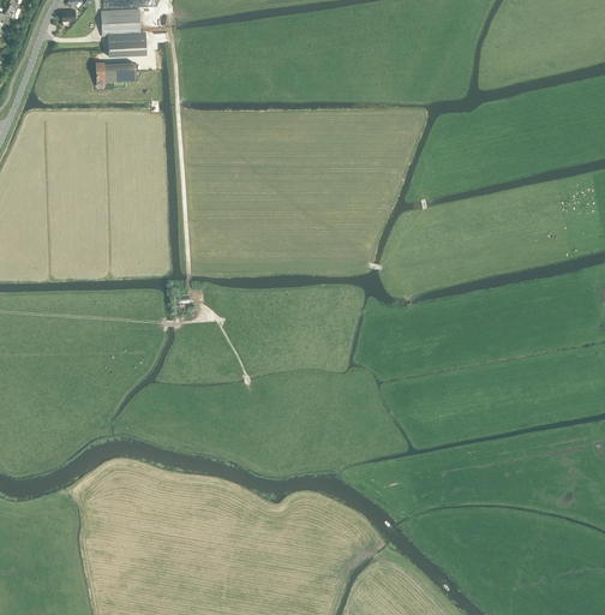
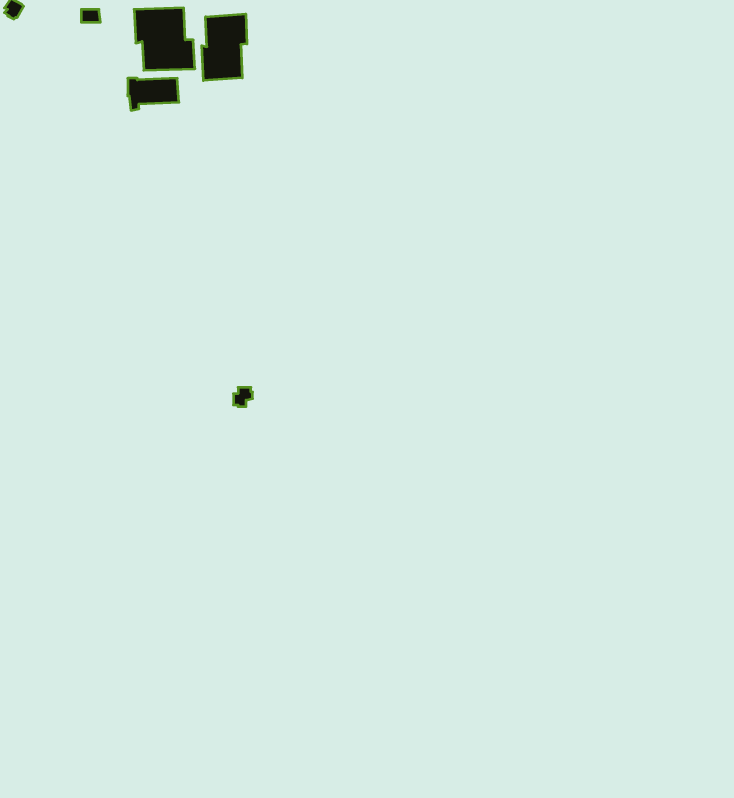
building: none -> [202,14,247,81]

